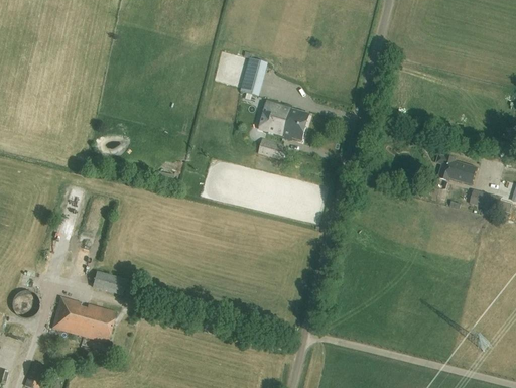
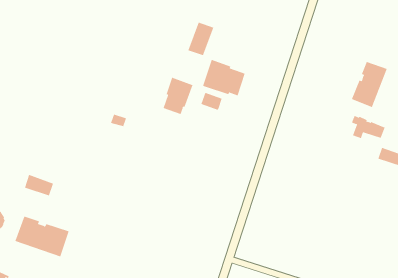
building: none -> [351,61,387,108]
building: none -> [163,77,193,115]
building: [92,270,126,294] -> [24,174,54,196]

